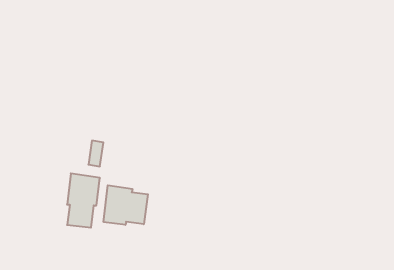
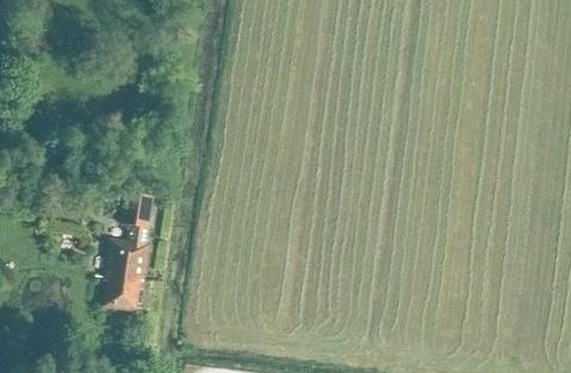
building: [104,185,148,225] -> none

